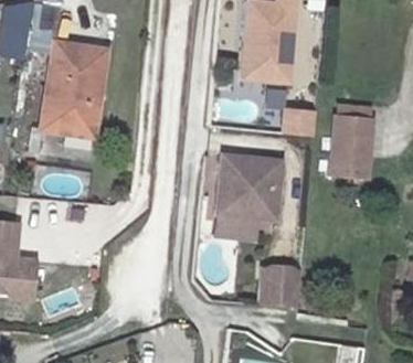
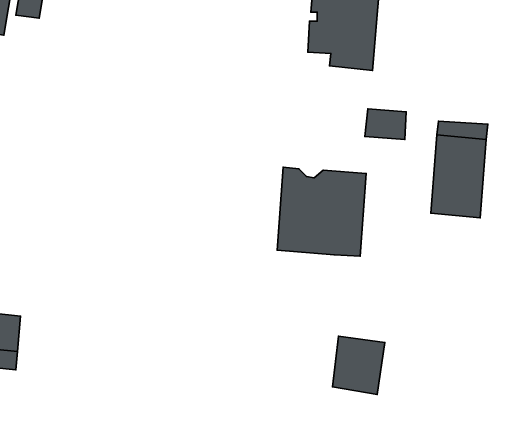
building: [41,42,106,136] -> none
building: [218,213,261,238] -> none

